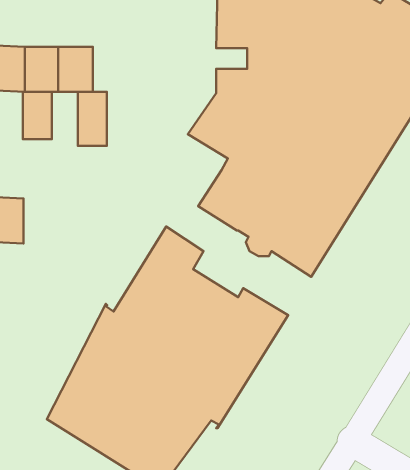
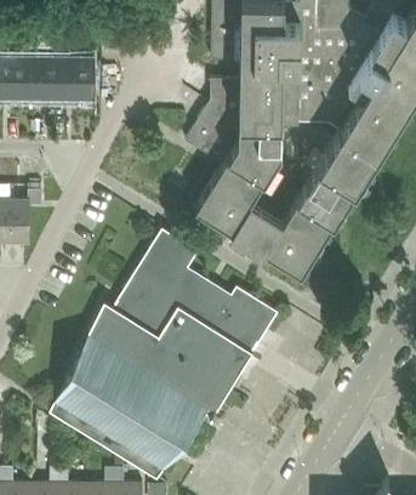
building: [23,92,52,139] -> none
building: [78,92,107,146] -> none

